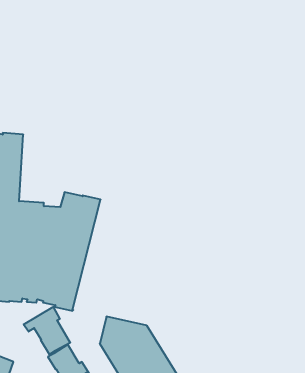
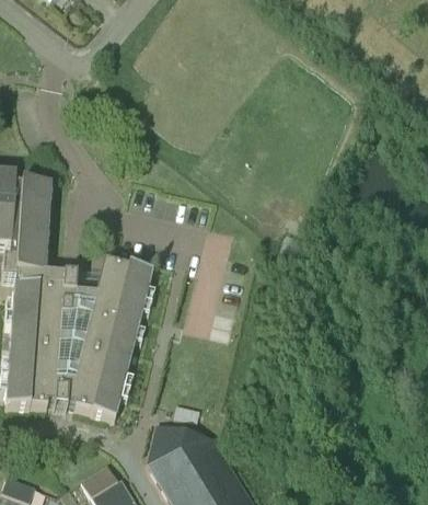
building: [24,307,70,355] -> none

